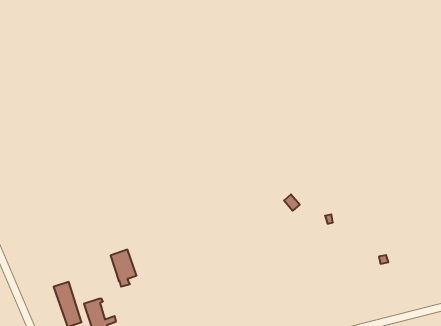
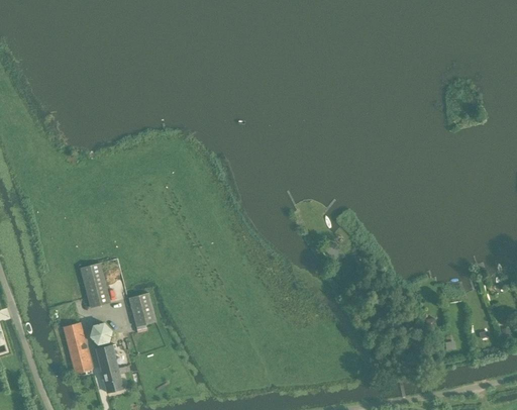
building: none -> [80,263,109,307]
building: none -> [89,323,112,346]

